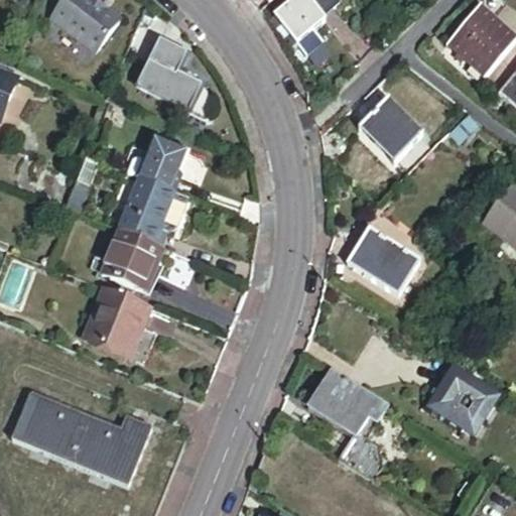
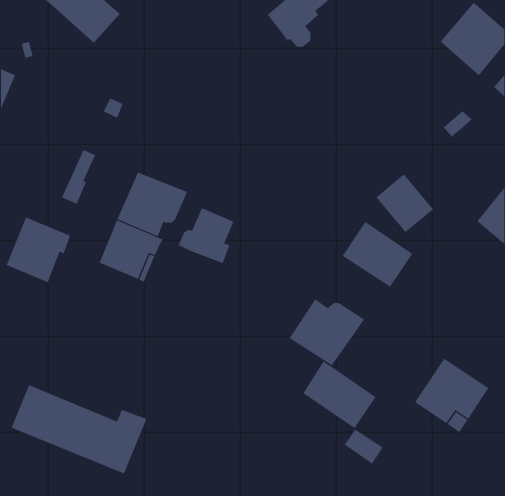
building: [138,36,206,108] -> none
building: [366,95,425,155] -> [375,174,434,233]
building: [130,132,187,189] -> [178,208,234,264]
building: [83,283,149,351] -> [6,217,71,283]
building: none -> [289,298,365,366]

